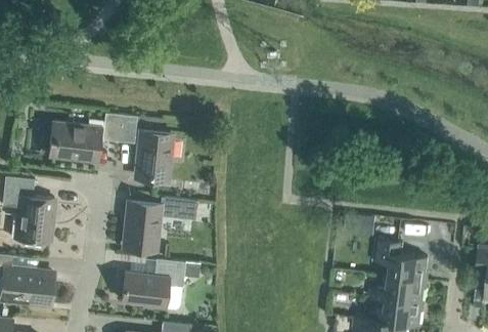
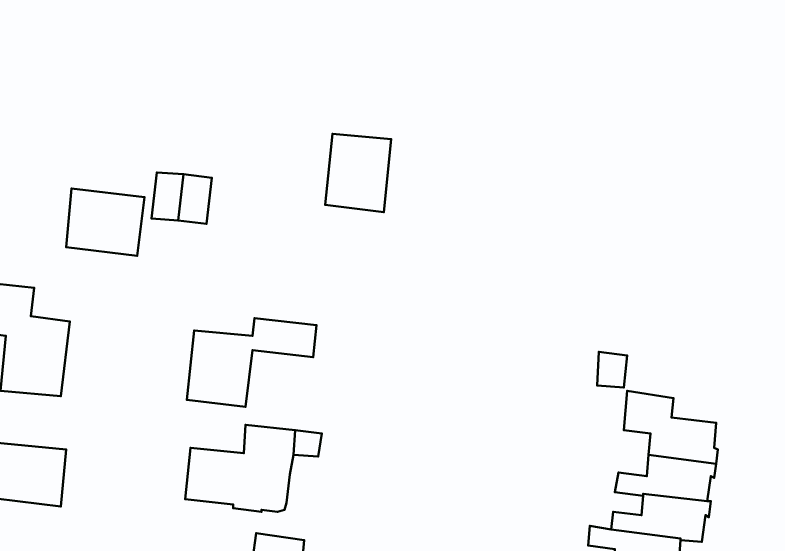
building: [135,133,173,178] -> [325,134,391,212]

